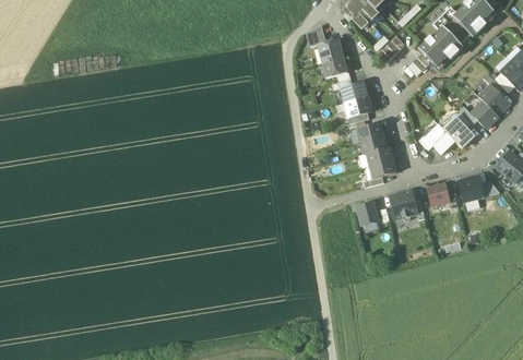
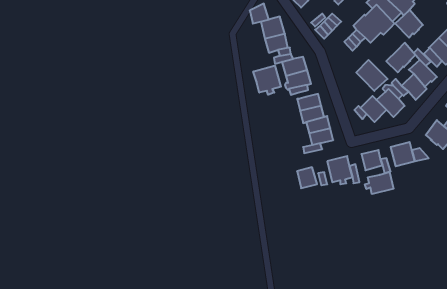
building: none -> [395,10,423,38]
building: none -> [386,43,415,72]
building: none -> [356,60,388,91]
building: none -> [253,66,281,95]
building: none -> [365,172,394,194]

